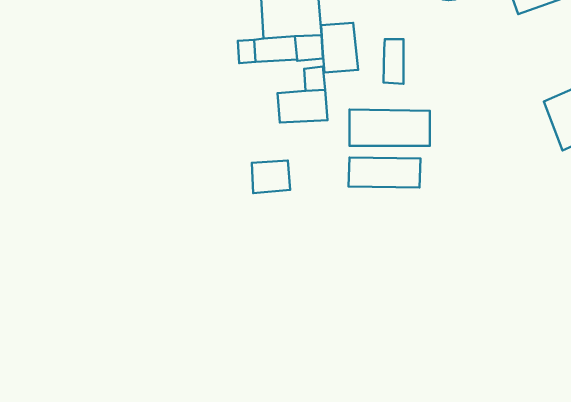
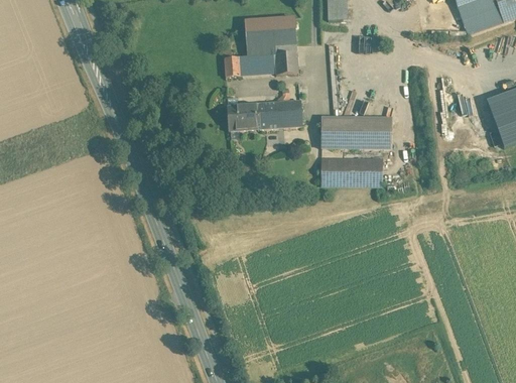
building: [321,23,358,72] -> none
building: [384,39,403,84] -> none
building: [252,161,290,193] -> [228,102,261,130]

